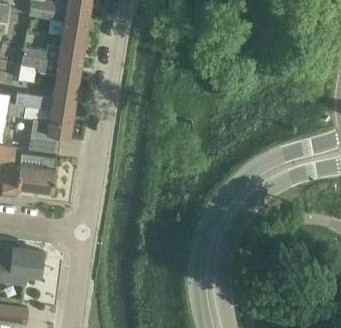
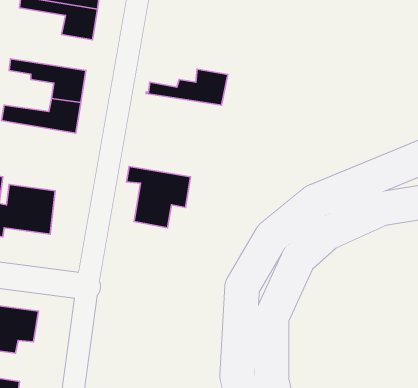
building: [22,37,86,65] -> [146,69,228,105]
building: [23,106,73,154] -> [127,167,191,228]

